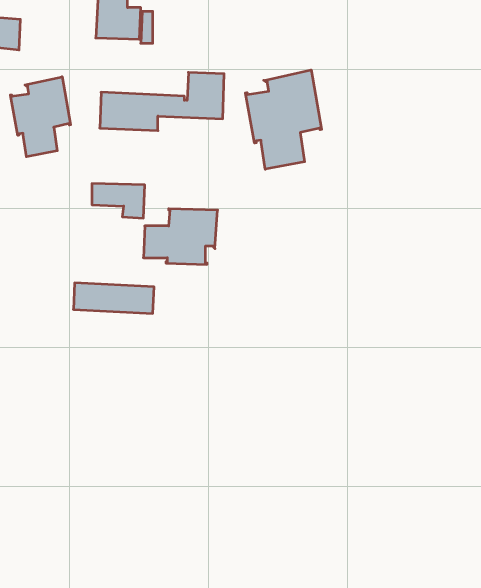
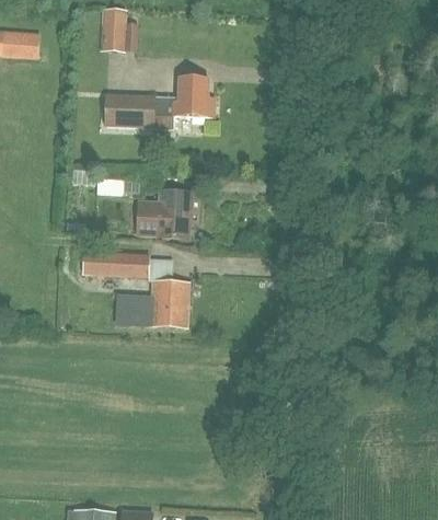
building: [245,70,322,169] -> none
building: [10,77,71,157] -> none
building: none -> [116,280,186,326]

